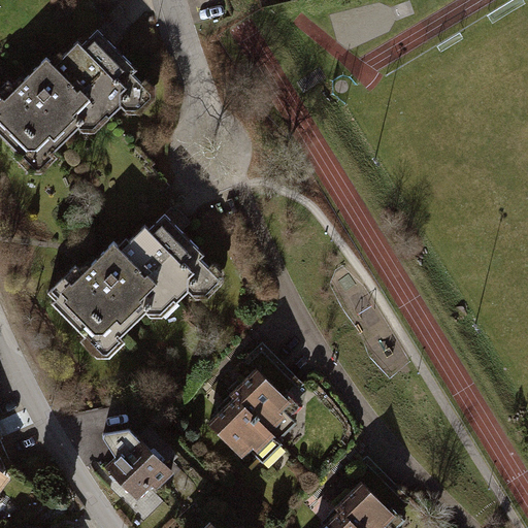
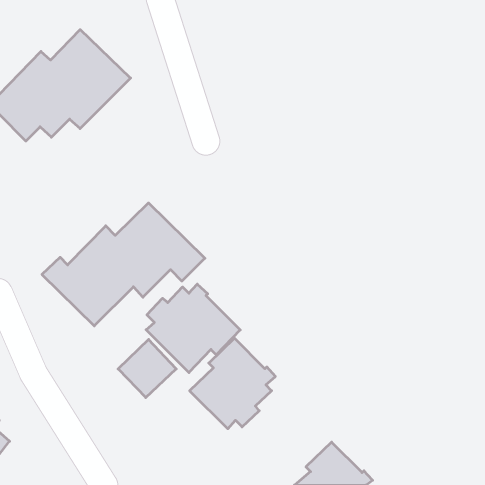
building: none -> [146,284,240,373]
building: [106,439,169,502] -> [118,339,176,398]

